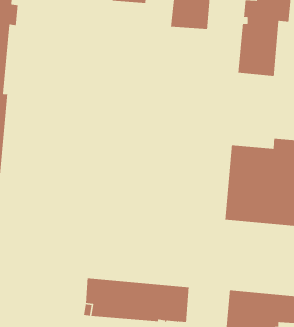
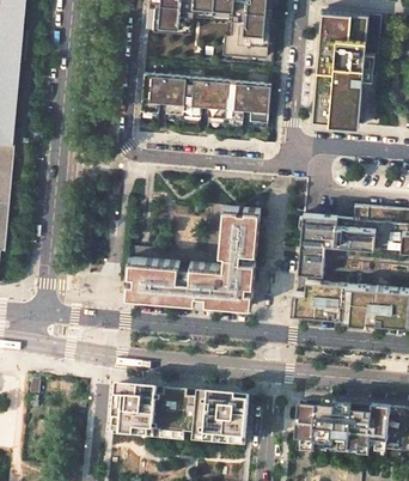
building: none -> [141,72,271,121]
building: none -> [124,206,260,306]

